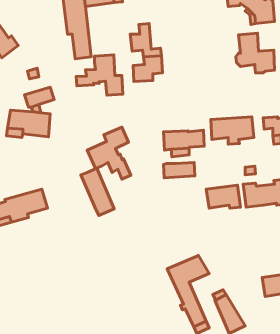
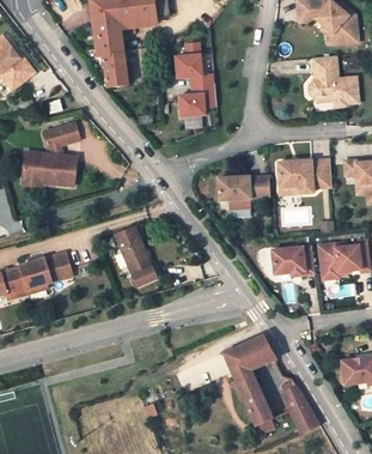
building: [76,55,123,95] -> none
building: [87,127,131,179] -> none
building: [163,163,195,178] -> none

